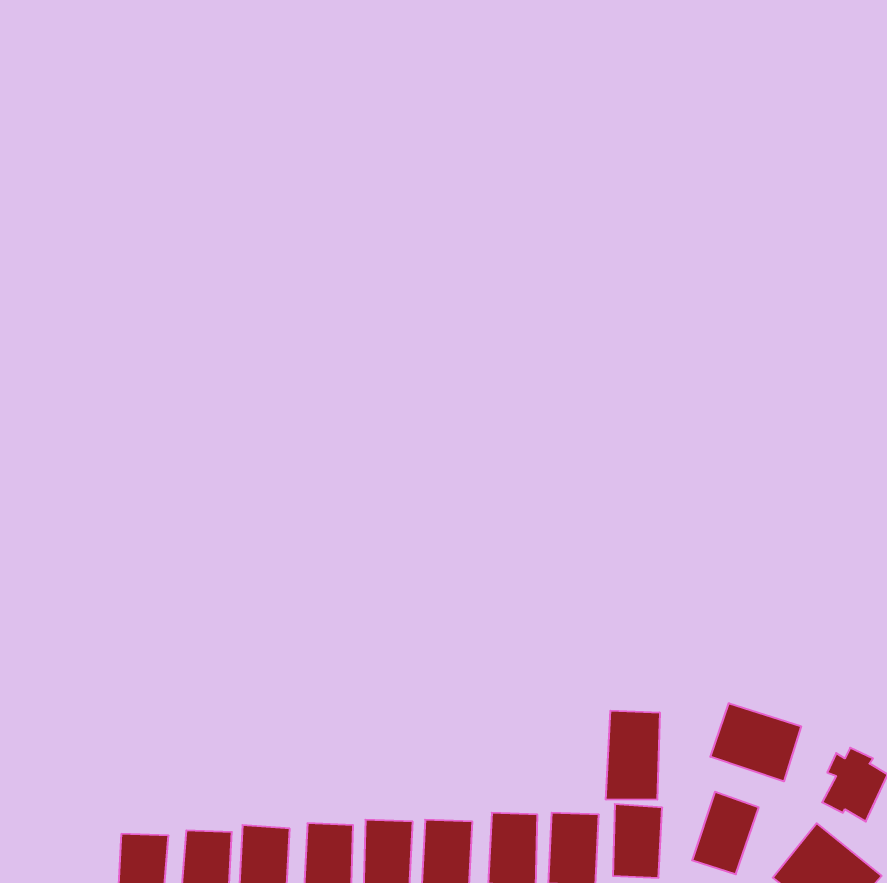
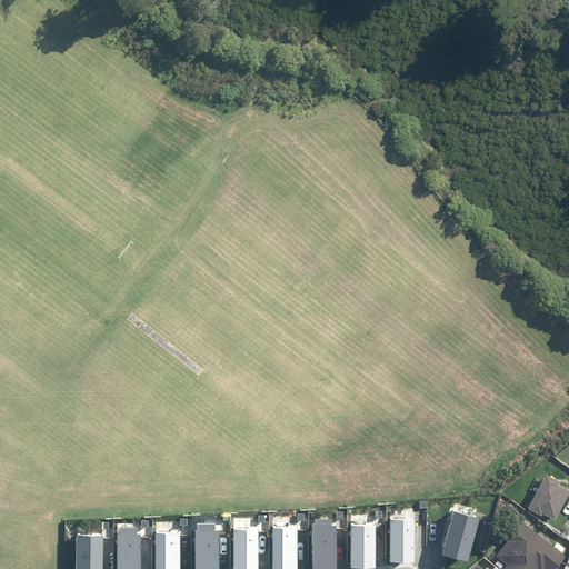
building: [710,703,801,781] -> none
building: [606,711,660,800] -> none

